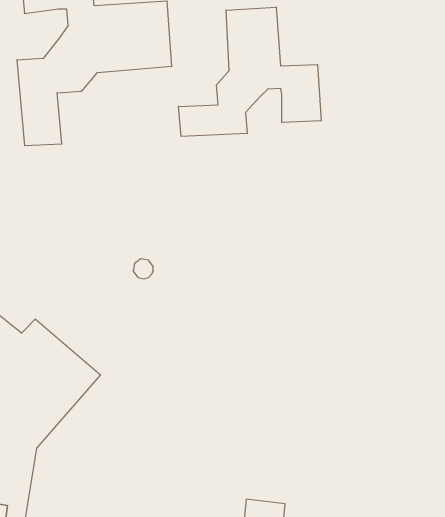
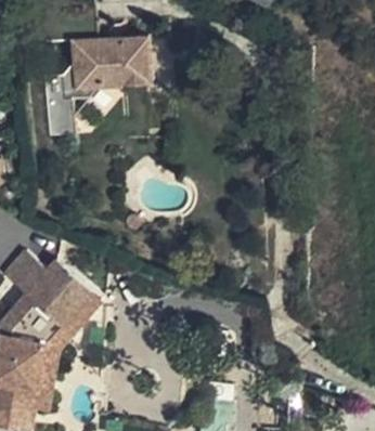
building: [179,7,321,136] -> none

